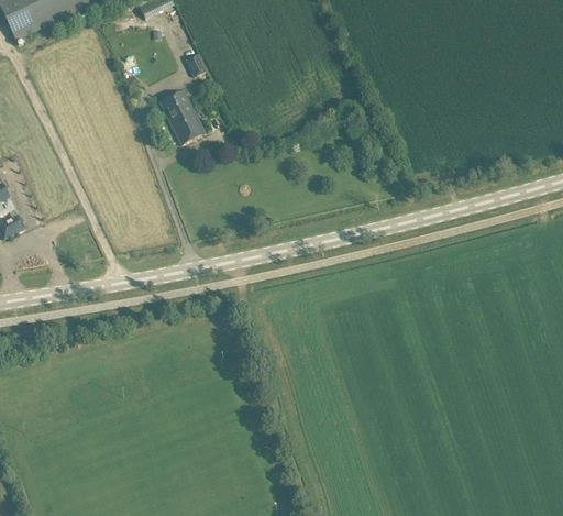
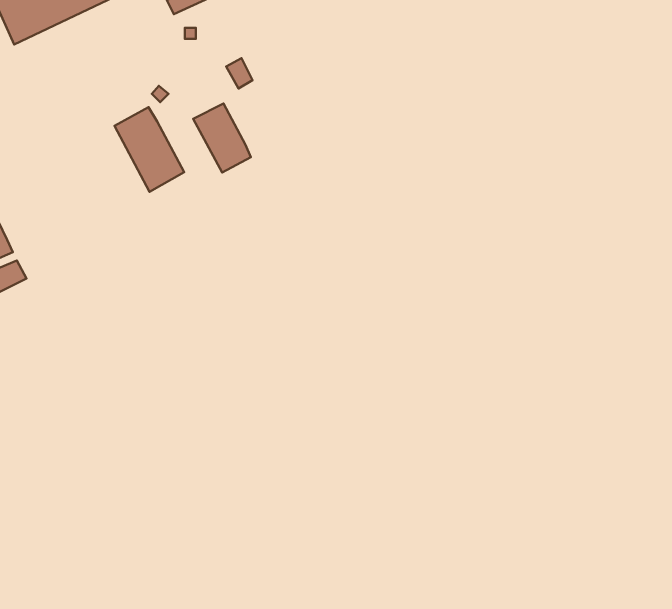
building: none -> [115,107,184,192]

